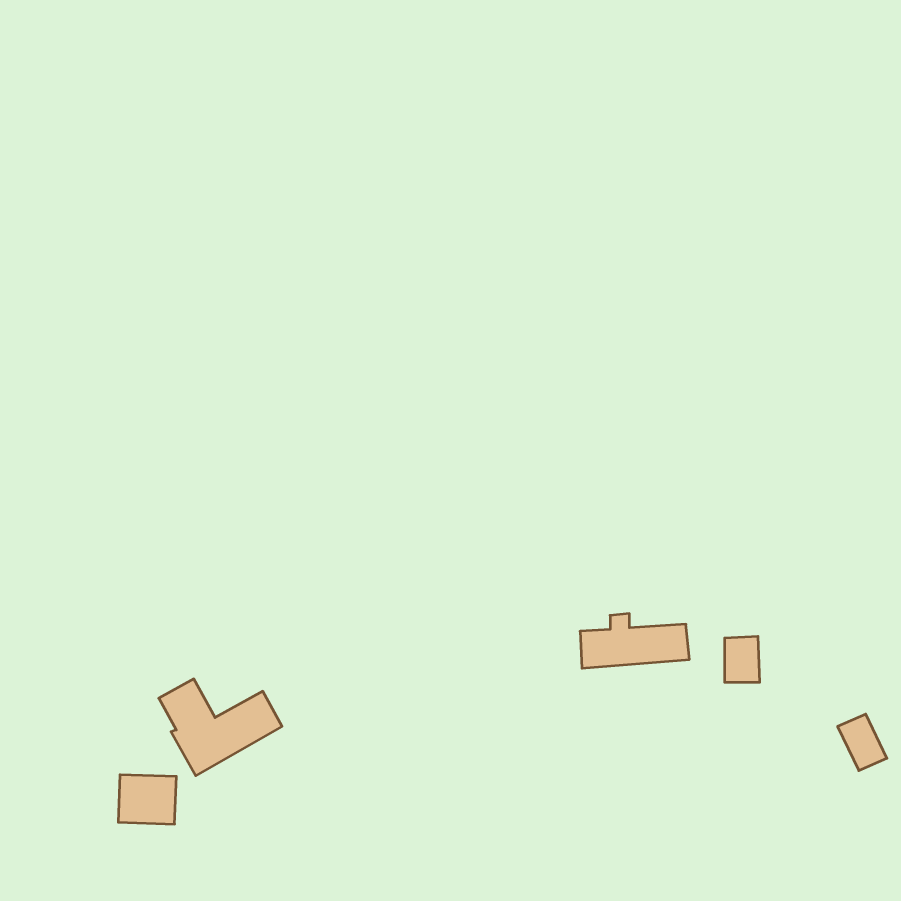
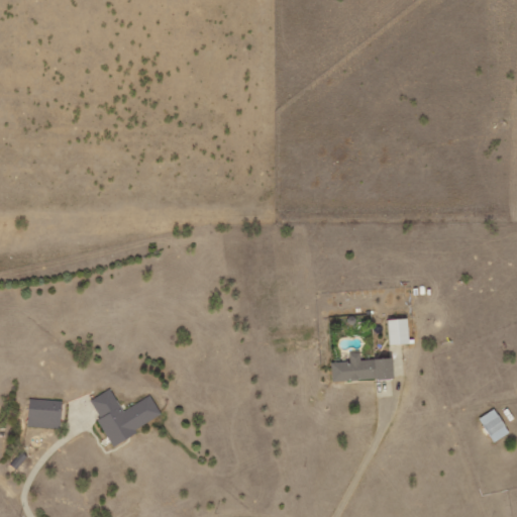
building: [725,636,760,682] -> [389,318,409,344]
building: [118,775,176,824] -> [28,399,62,427]

